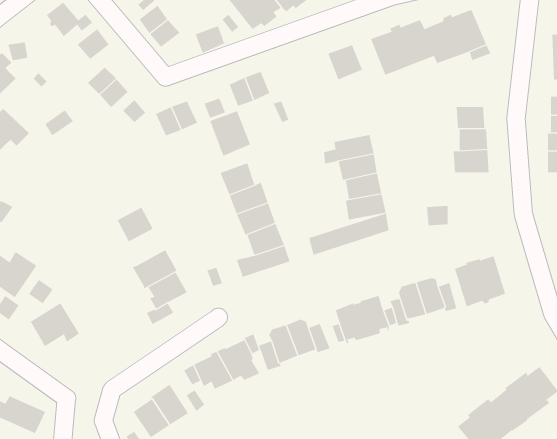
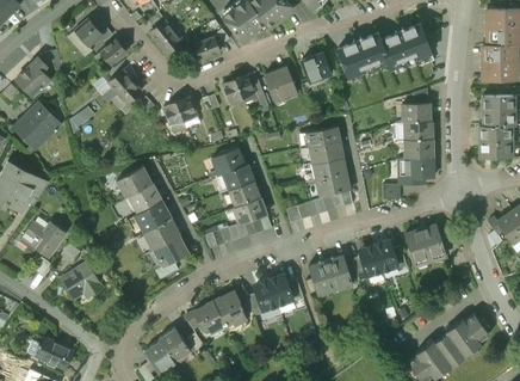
building: [210,111,251,156] -> [264,66,297,103]
building: none -> [401,156,433,184]
building: none -> [116,167,151,198]
building: none -> [137,201,171,232]

